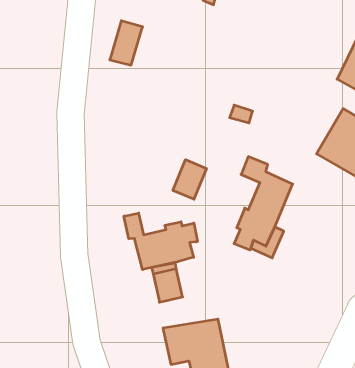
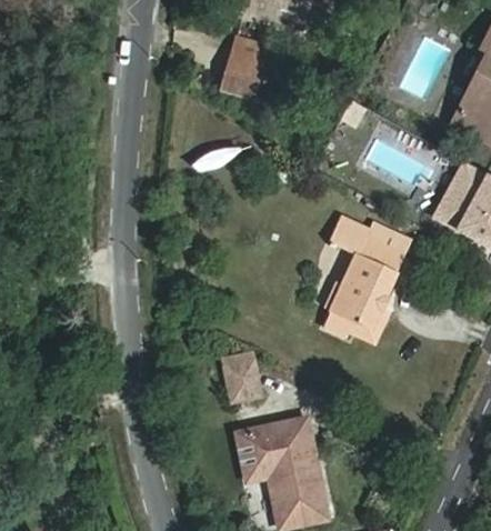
building: [110,21,143,65] -> [222,38,263,93]
building: [173,160,206,199] -> none
building: [124,213,198,270] -> none

